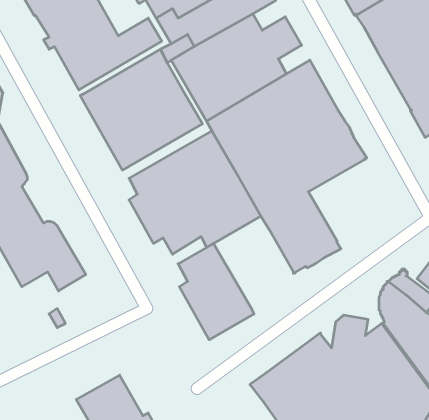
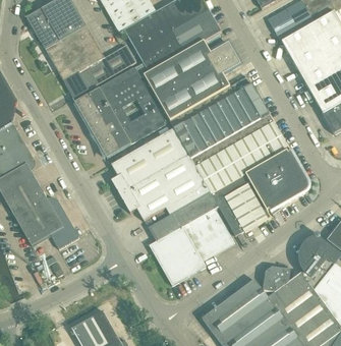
building: none -> [245,149,308,210]
building: none -> [174,191,235,261]

